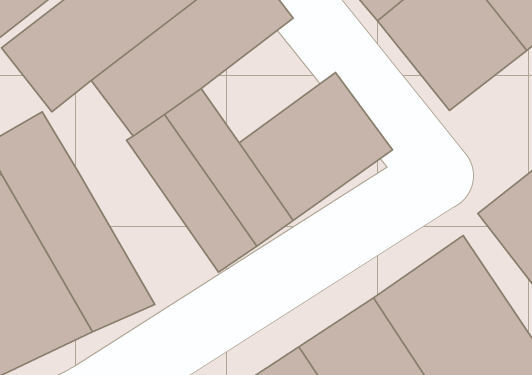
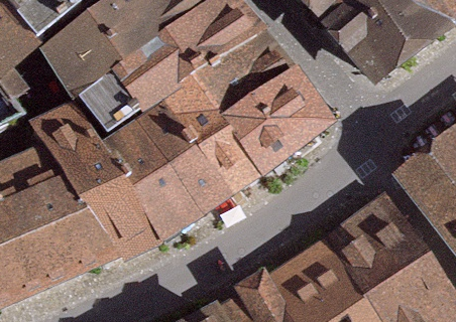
building: none -> [191,26,291,119]
building: none -> [100,117,204,238]

